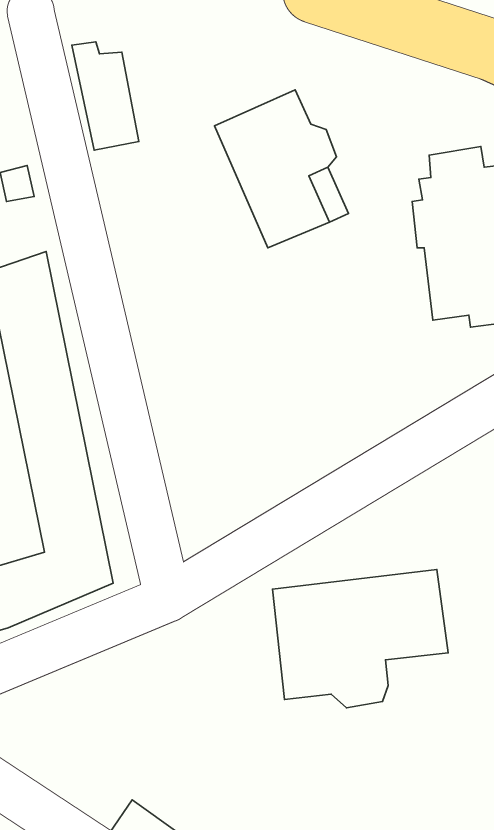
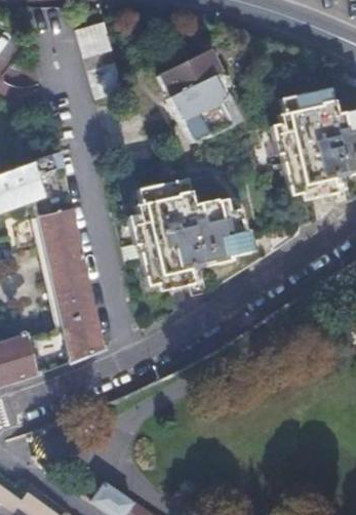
building: none -> [129,189,241,292]
building: [272,570,448,708] -> none

